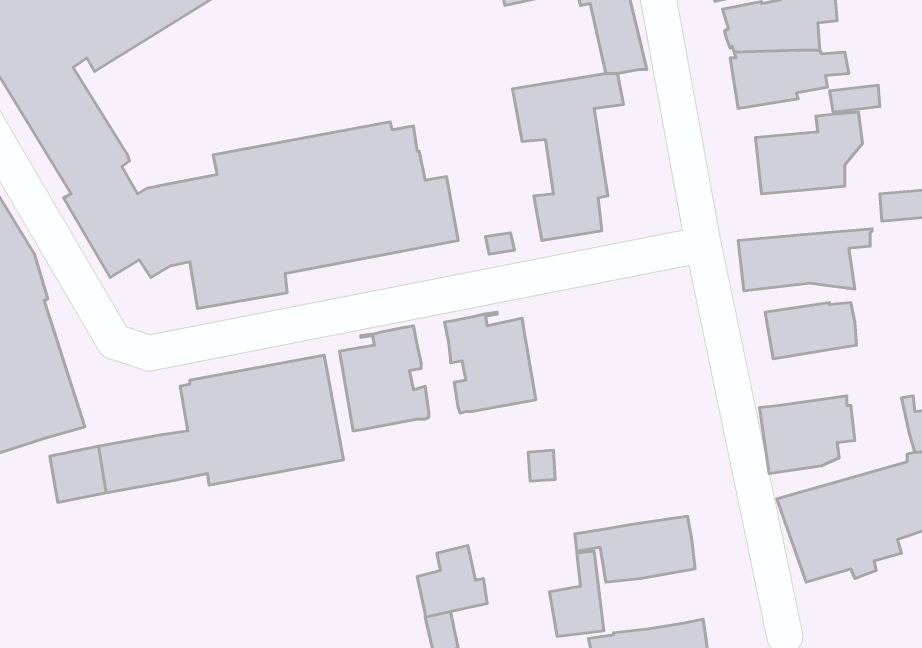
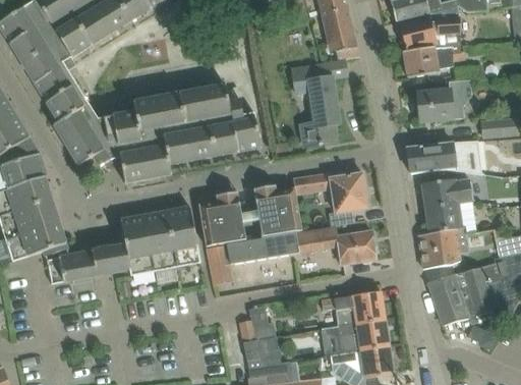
building: none -> [293,173,369,214]
building: none -> [425,202,476,233]
building: none -> [206,224,377,285]
building: none -> [336,319,389,350]

